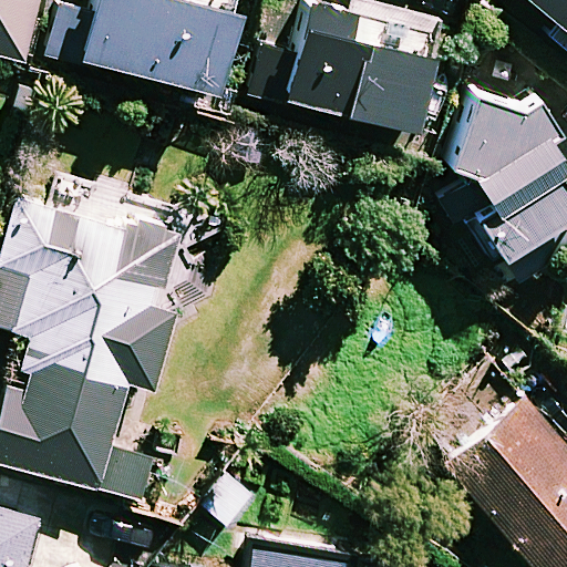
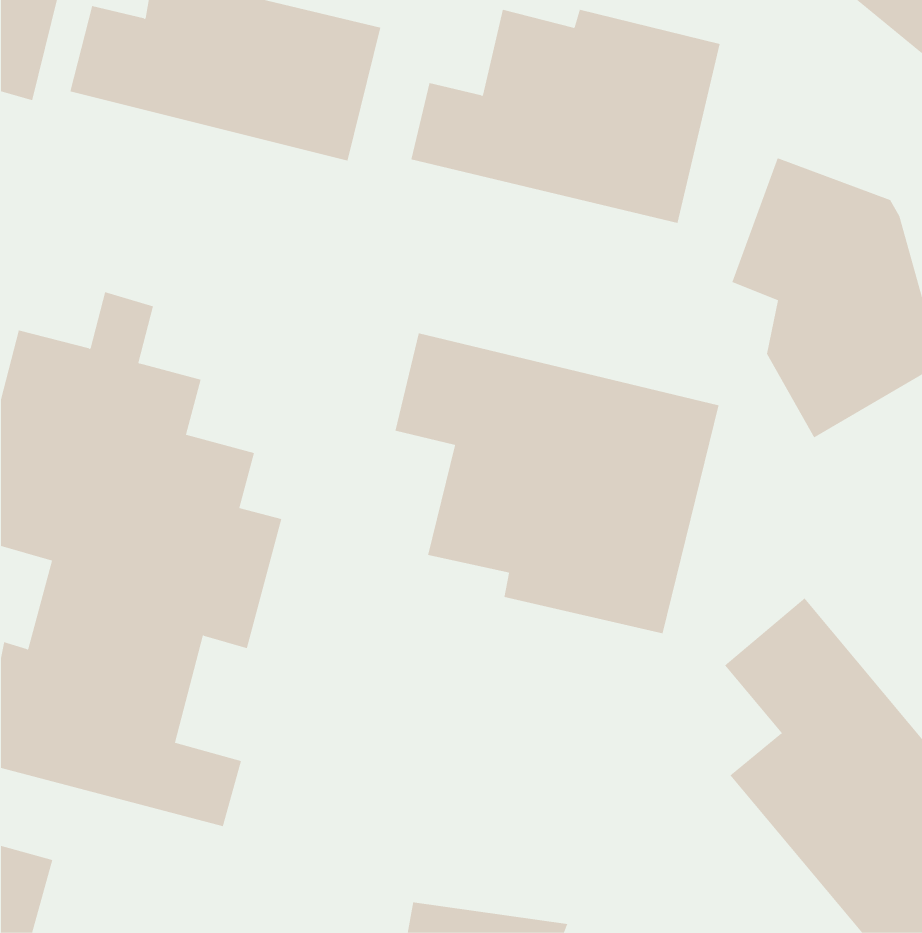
building: none -> [395,333,719,634]

